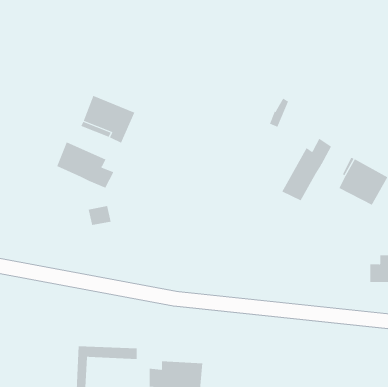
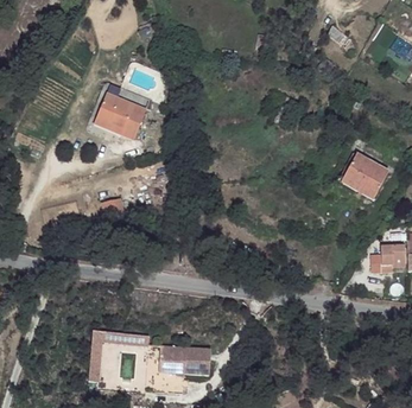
building: [282,138,332,201] -> none
building: [56,142,114,189] -> none

